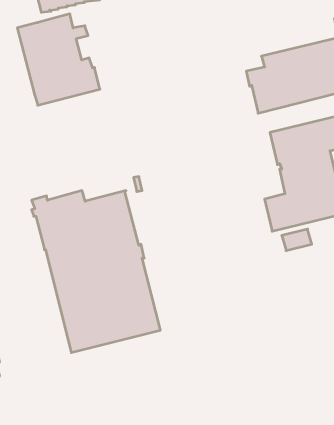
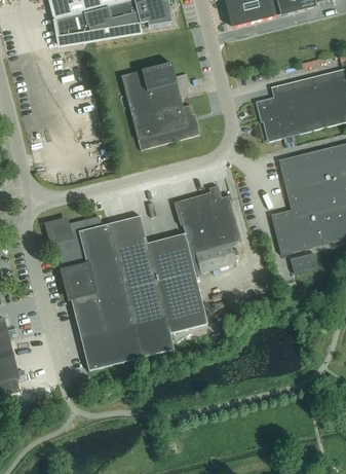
building: [17,14,100,105] -> [121,62,200,149]
building: none -> [147,184,241,332]

